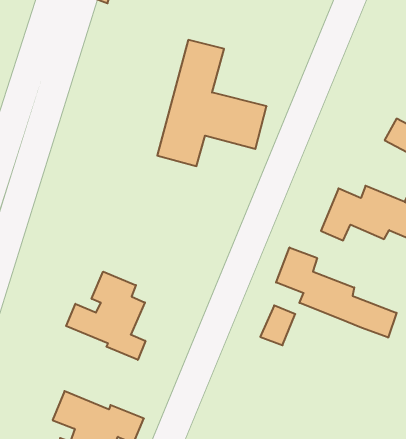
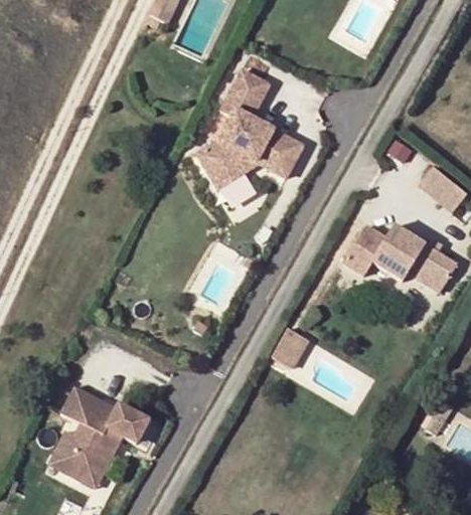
building: [276,247,397,338] -> none
building: [66,272,145,360] -> none

